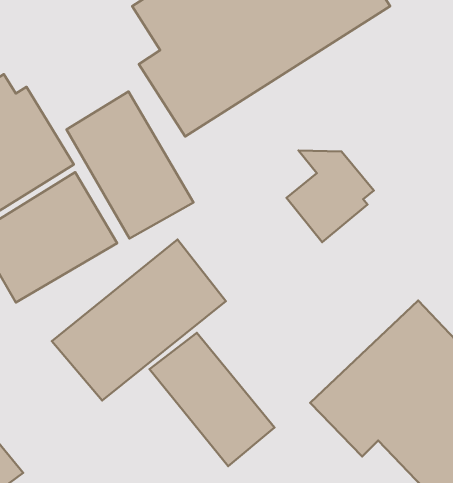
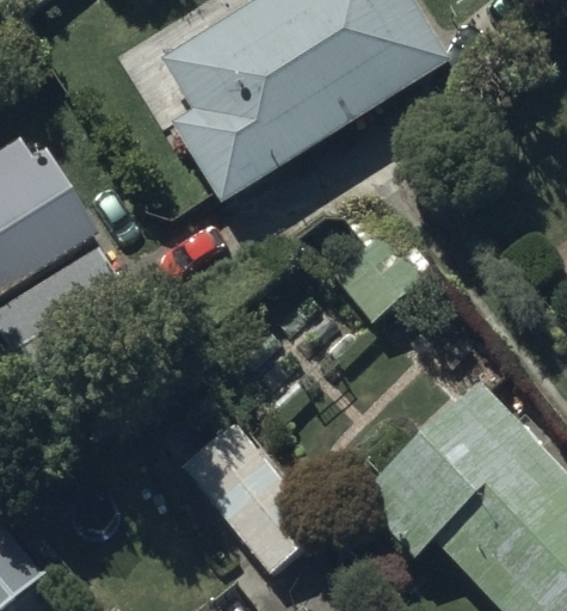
building: [66,91,194,239] -> none
building: [52,239,226,401] -> none

